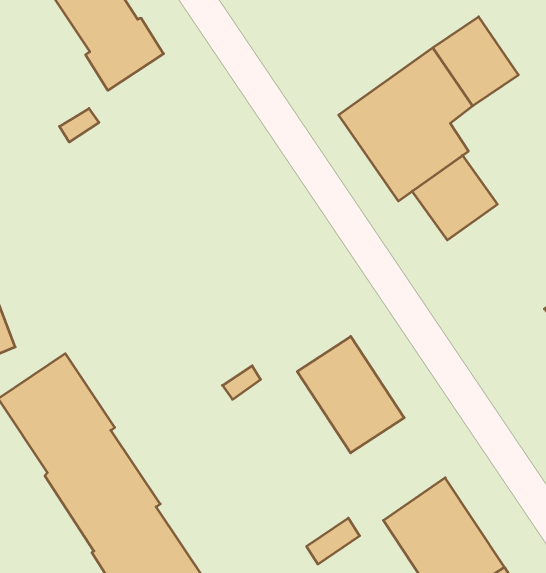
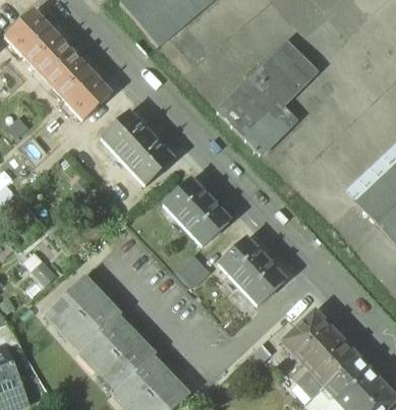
building: none -> [102,111,173,184]
building: [412,155,497,240] -> none
building: none -> [164,178,230,244]

